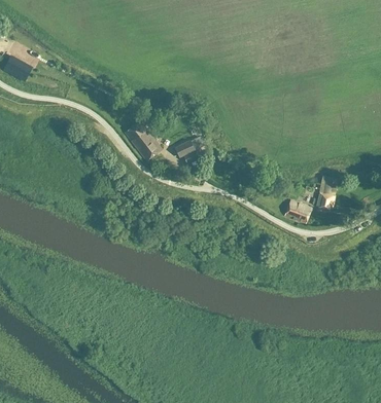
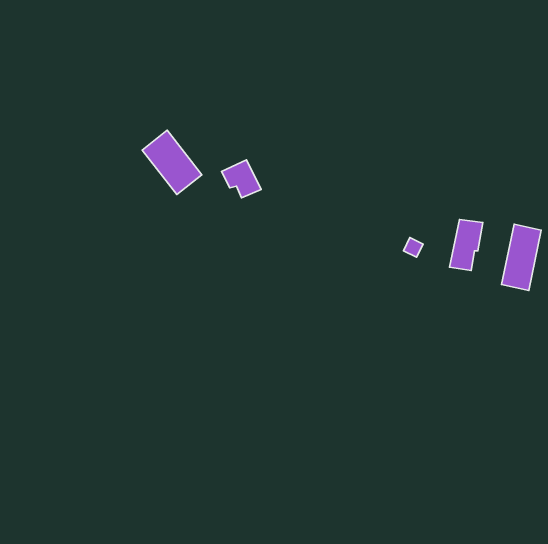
building: none -> [502,224,541,291]
building: [285,198,312,222] -> none

